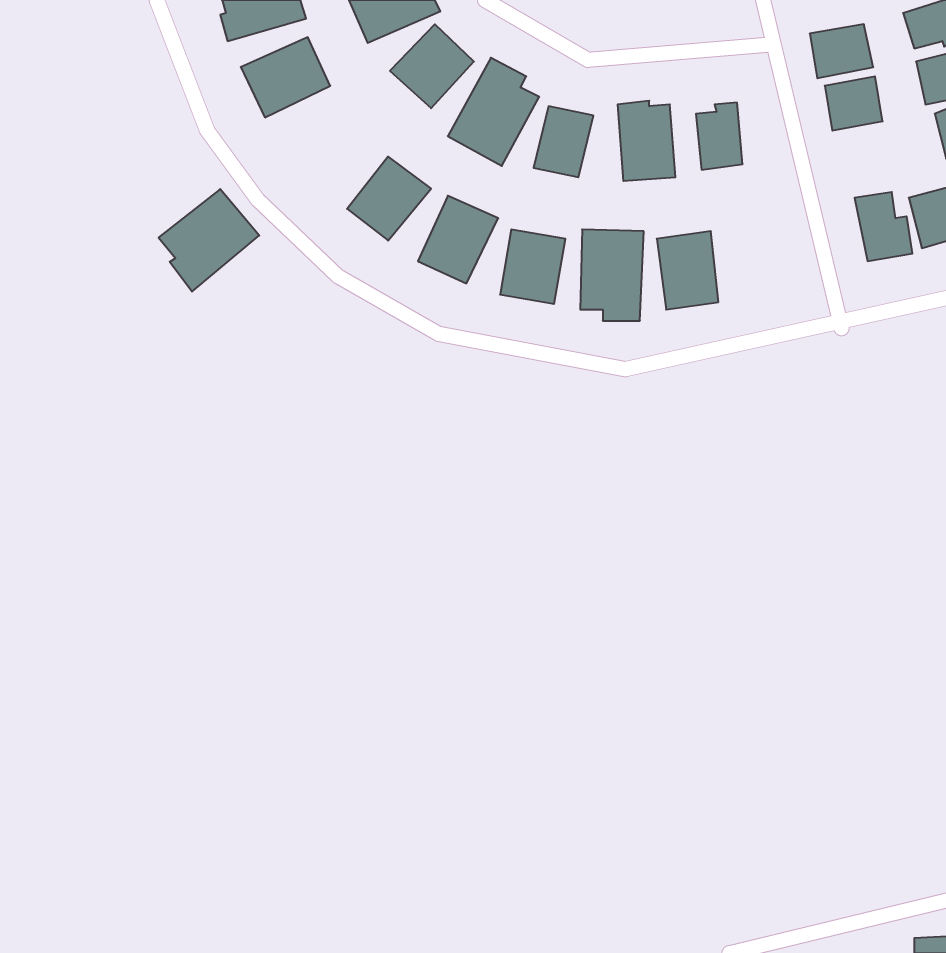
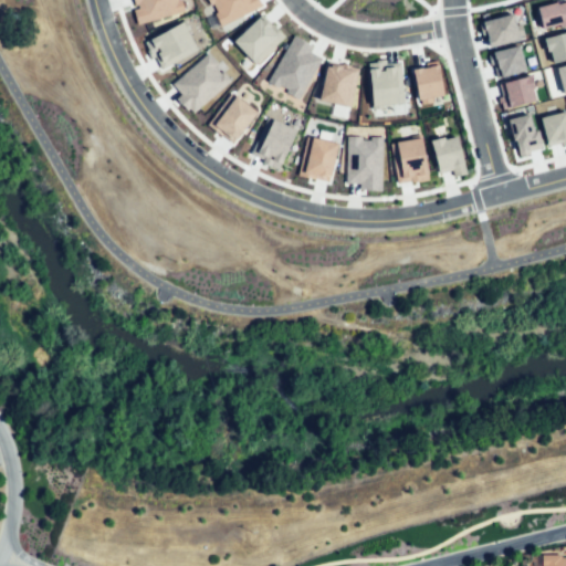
building: none -> [501,75,539,108]
building: [159,189,259,292] -> [174,53,233,114]
building: none -> [433,135,468,176]

